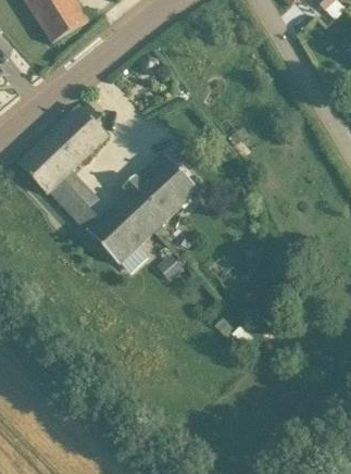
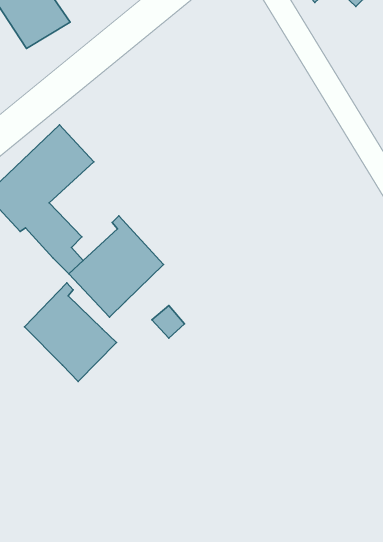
building: [129,154,200,221] -> none
building: none -> [25,283,116,382]

